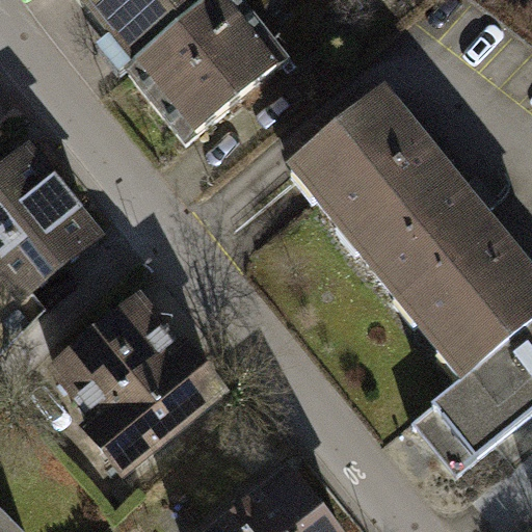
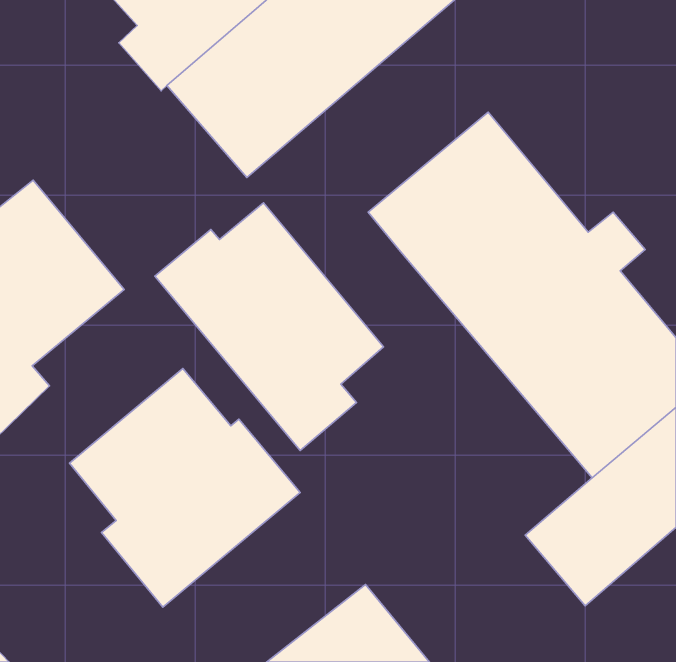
building: none -> [155,203,383,451]

